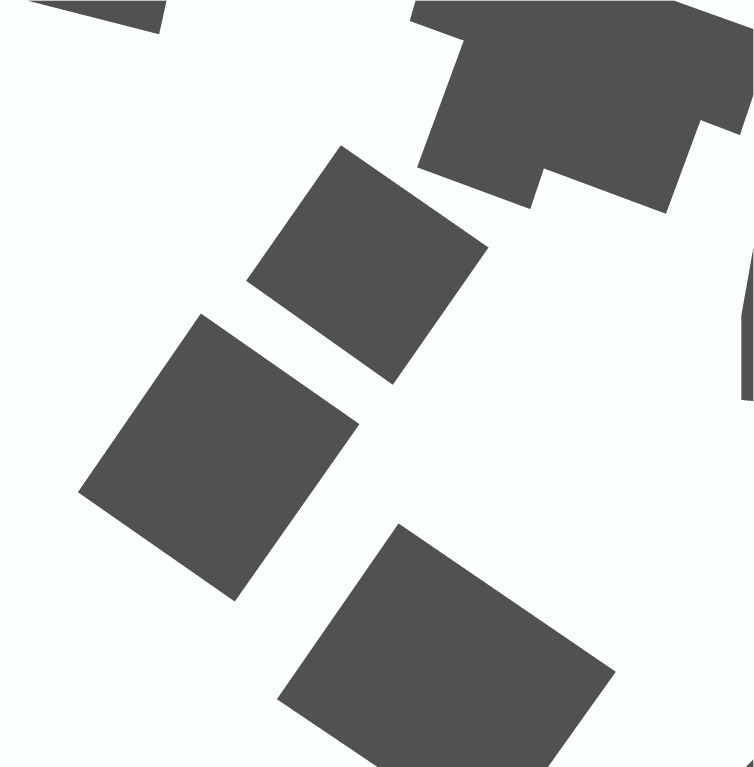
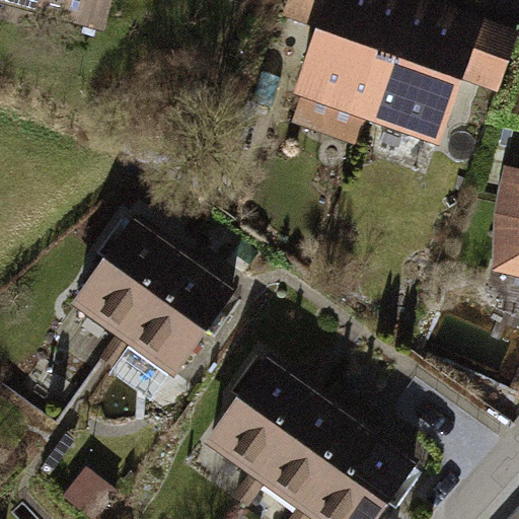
building: [245,144,490,386] -> none

